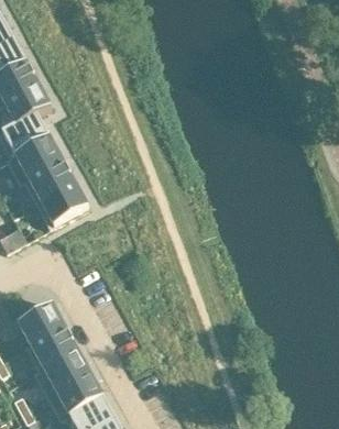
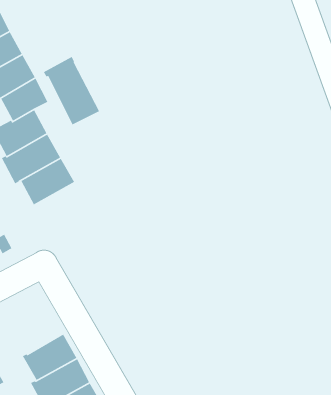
building: none -> [43,56,100,126]
building: [36,183,88,228] -> none
building: [18,304,65,345] -> none

